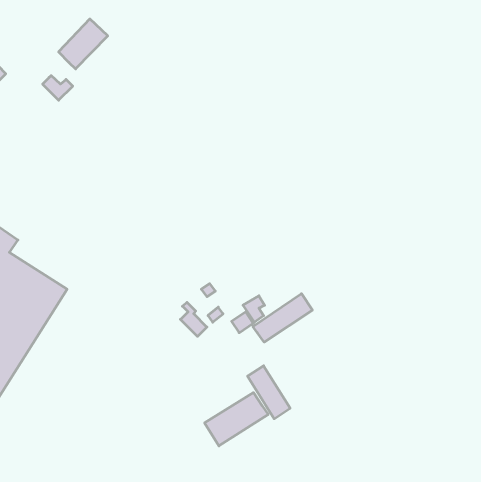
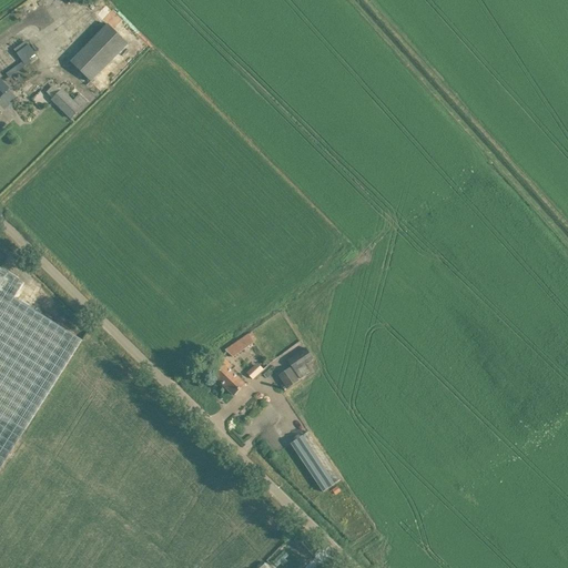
building: [253,294,312,342] -> none
building: [205,393,268,446] -> none

